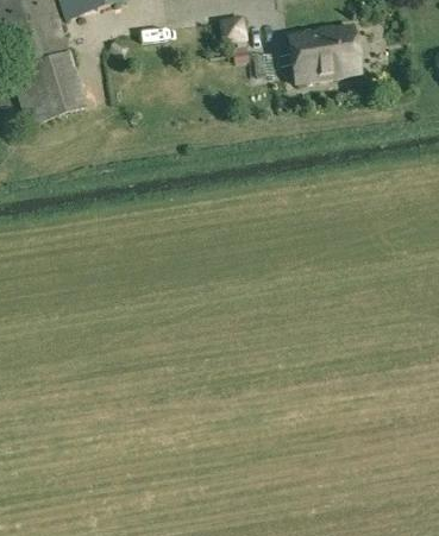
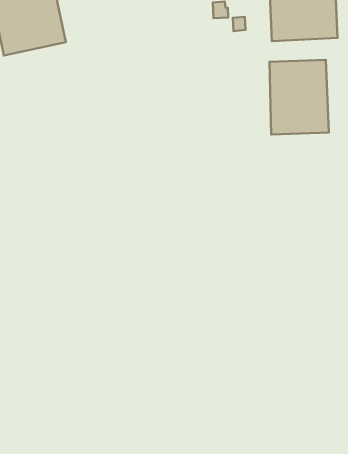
building: none -> [270,60,329,135]

